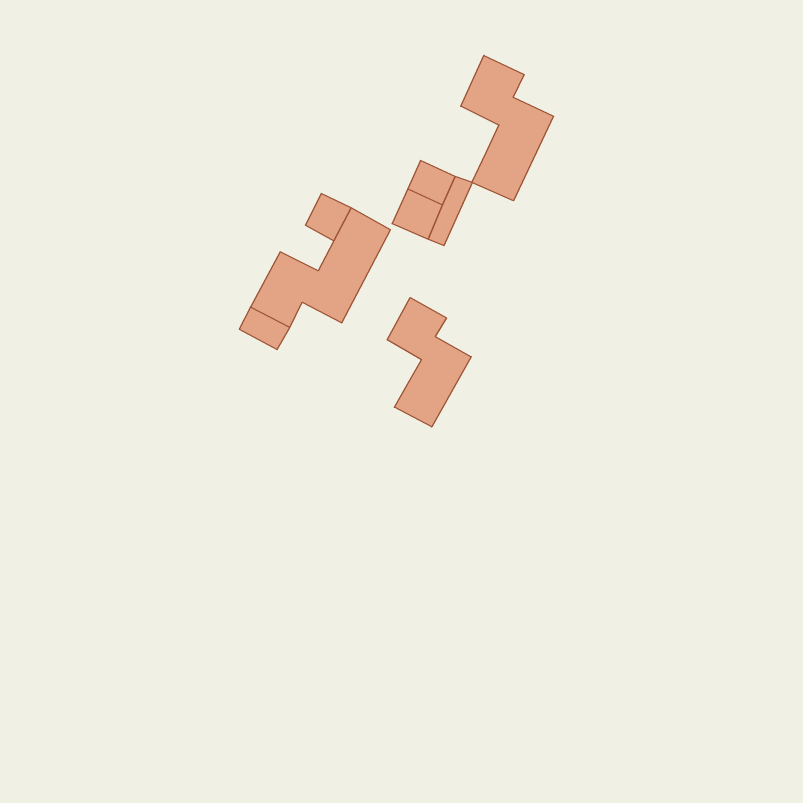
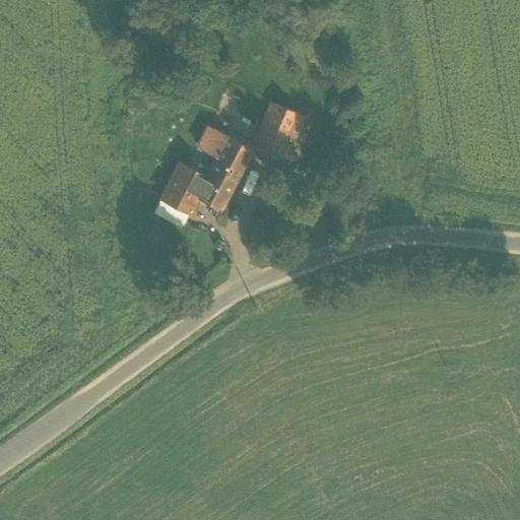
building: [461,55,554,201] -> none
building: [387,298,471,427] -> none

